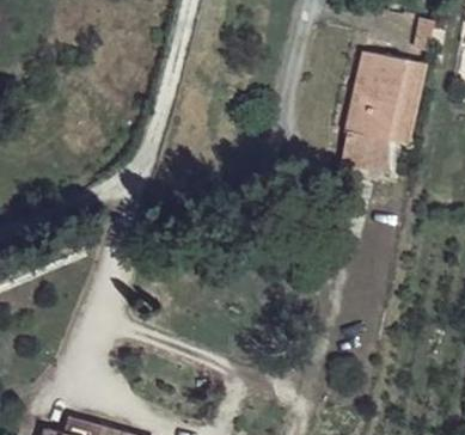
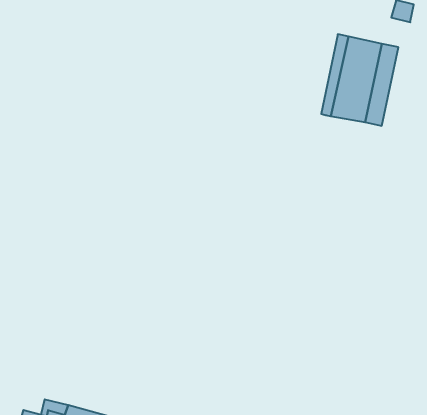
building: [342,133,390,176] -> none

